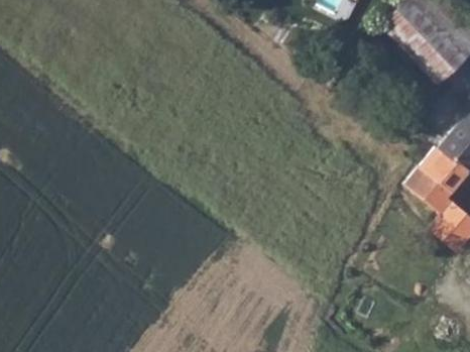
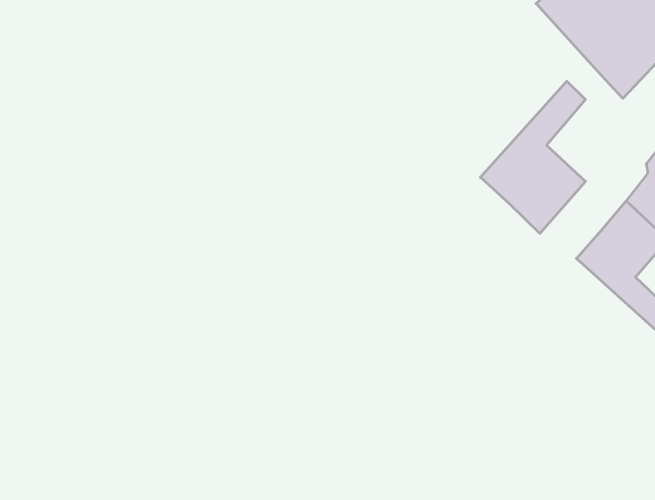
building: none -> [480,81,586,233]

